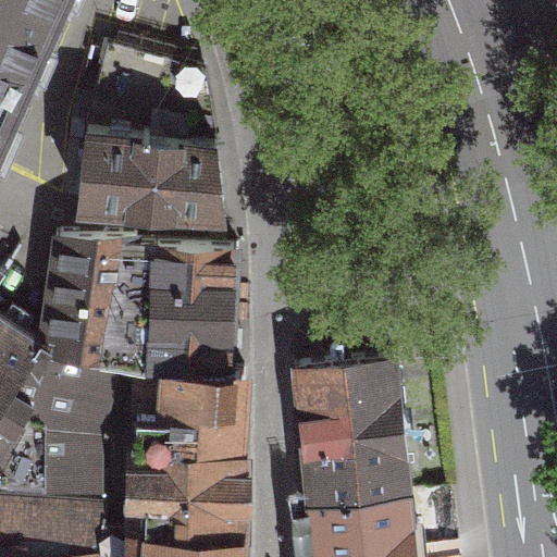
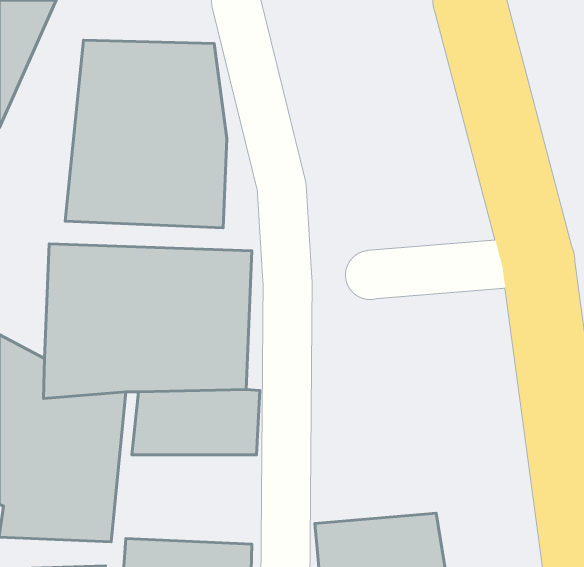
building: [286,371,414,515] -> none
building: [120,449,244,534] -> none

